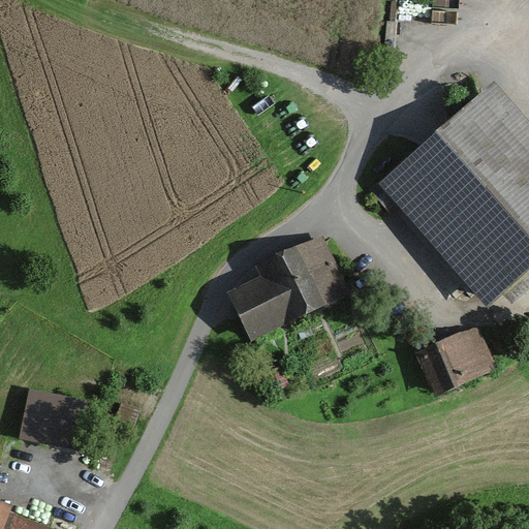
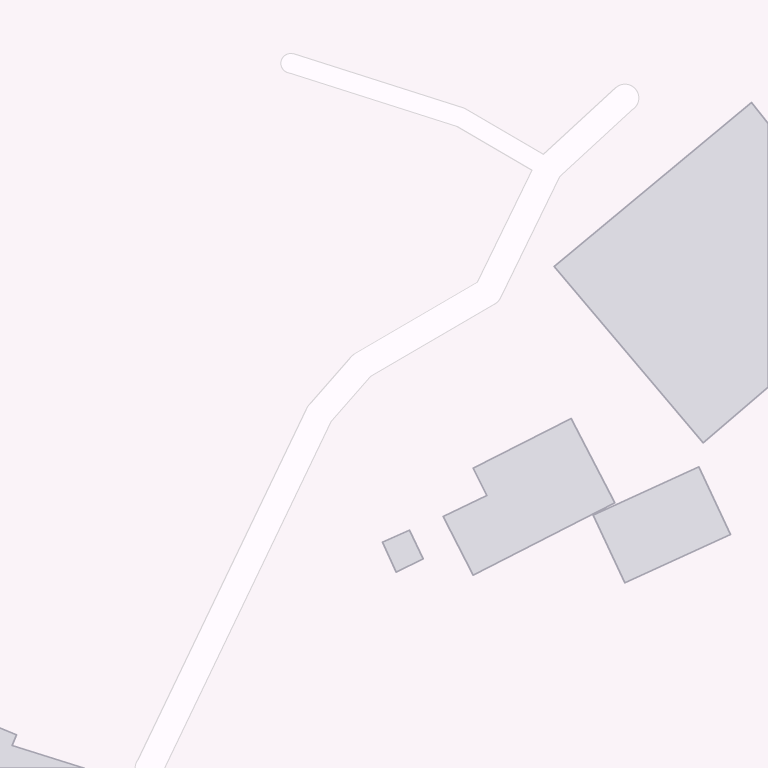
building: [232,232,350,340] -> [443,419,615,575]
building: [20,388,92,449] -> none

